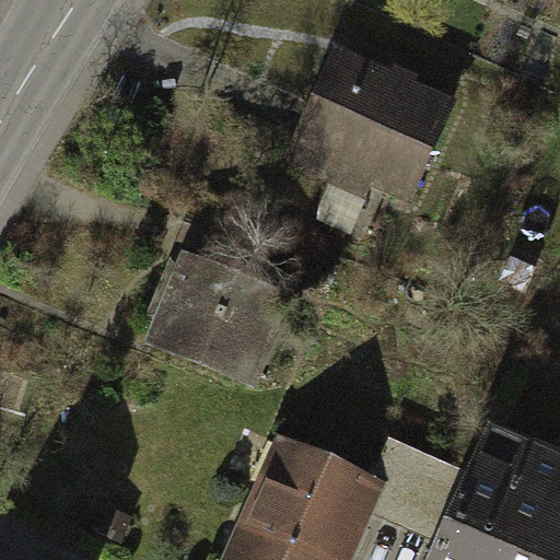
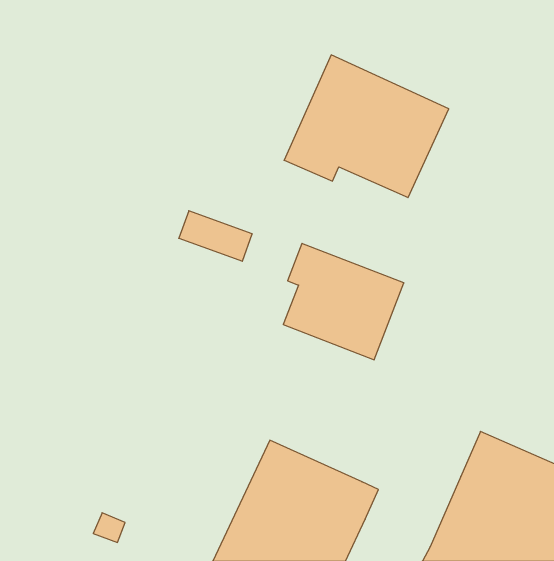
building: [160,261,280,377] -> [283,243,404,360]
building: [368,442,466,545] -> none

